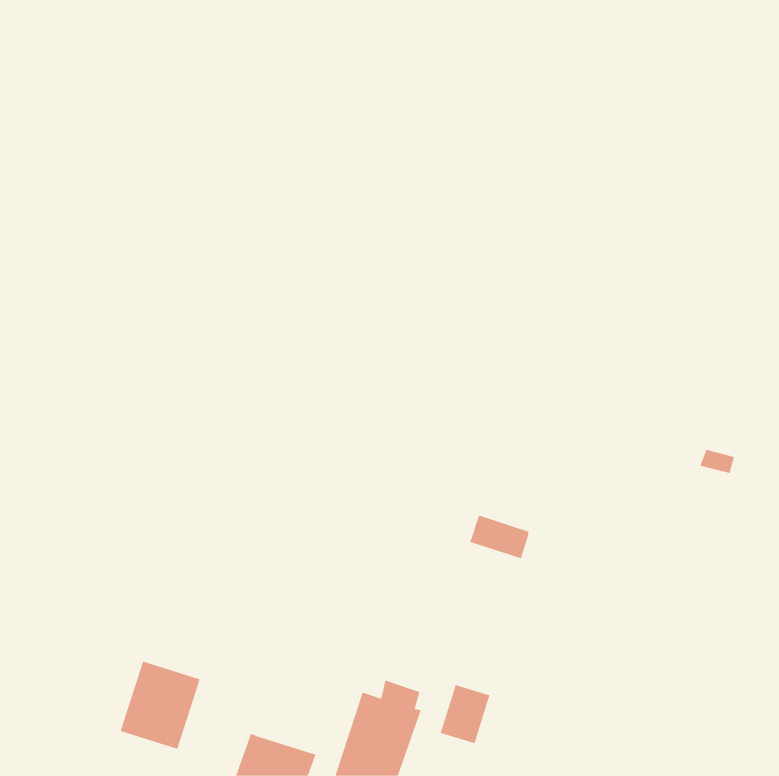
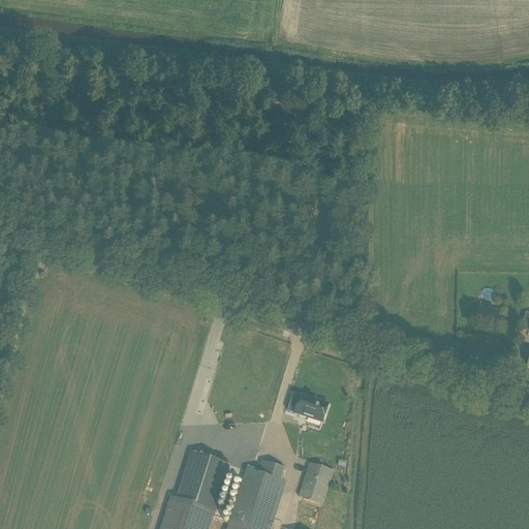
building: [469,515,529,559] -> [286,392,326,422]
building: [120,661,201,749] -> [175,450,229,510]

